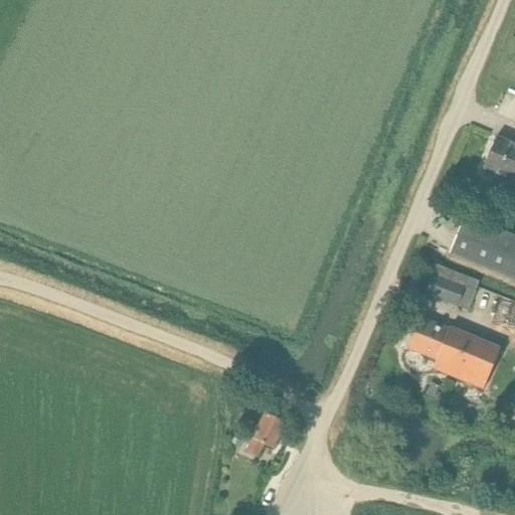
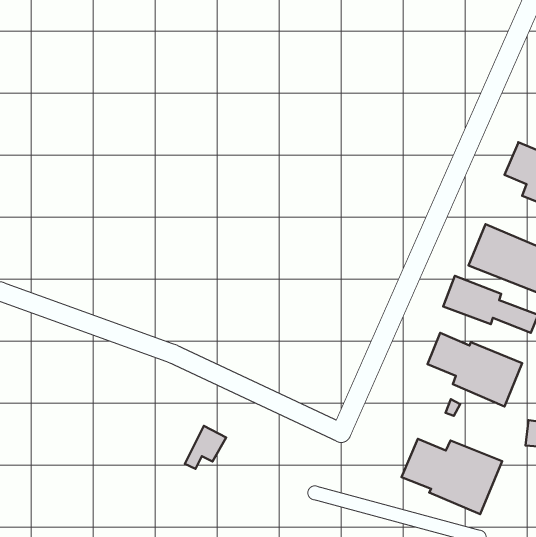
building: [248,413,288,455] -> [185,426,226,469]
building: none -> [402,439,502,514]

